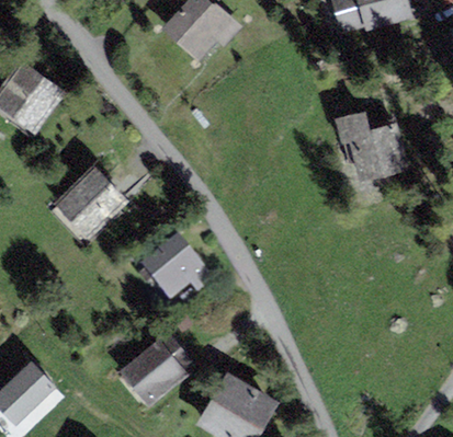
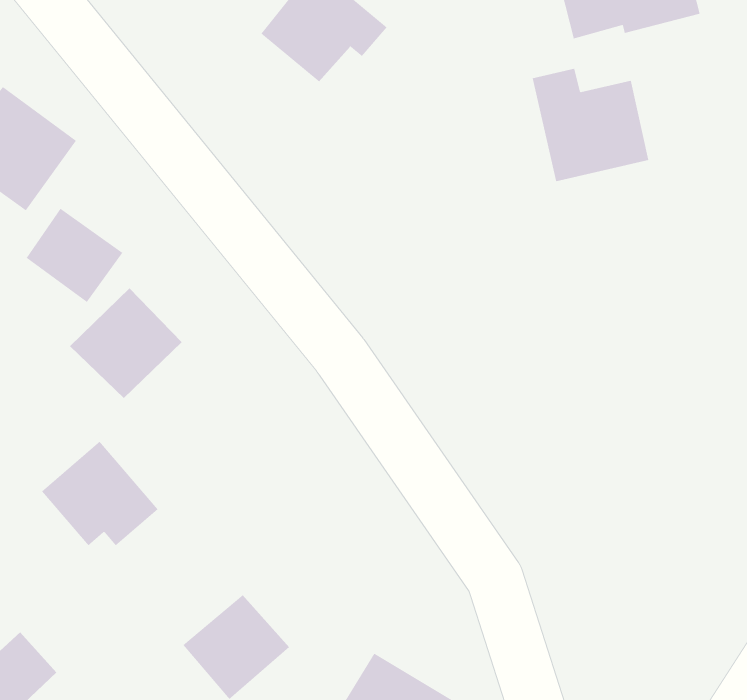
building: [339,117,405,181] -> [532,68,649,182]
building: none -> [26,208,123,303]
building: [143,240,208,299] -> [41,441,159,546]

